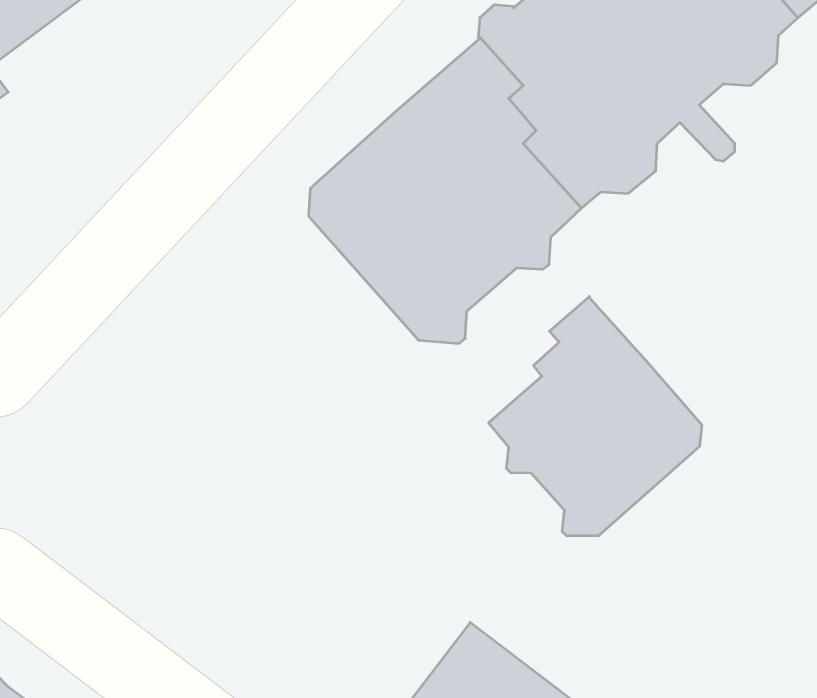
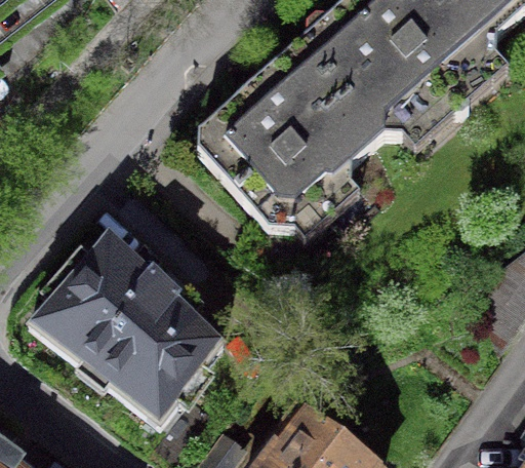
building: [489,296,702,536] -> none
building: none -> [29,227,224,419]

